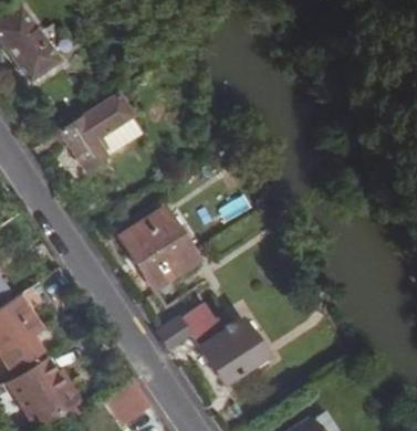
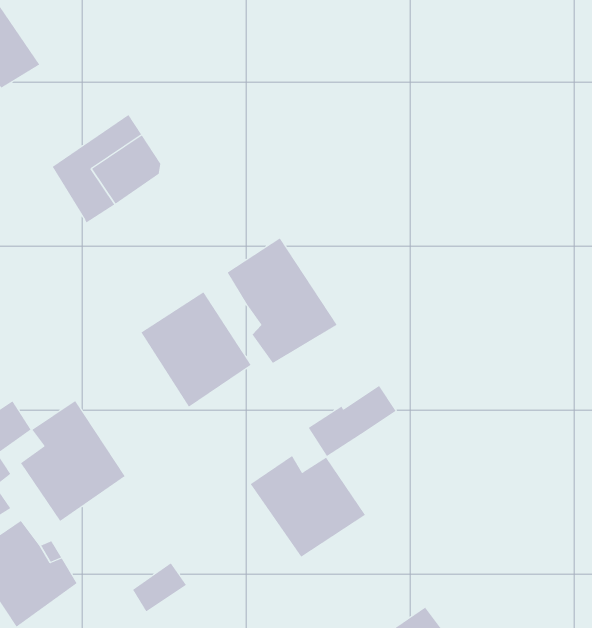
building: none -> [227,238,338,364]
building: none -> [20,400,125,522]
building: [158,304,216,350] -> [308,385,396,457]

